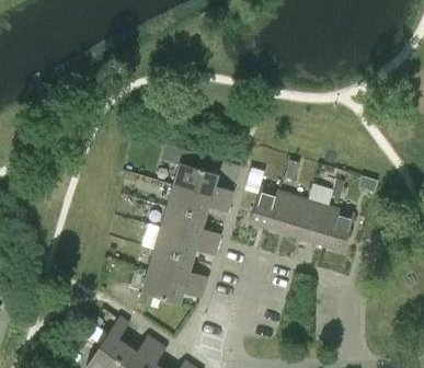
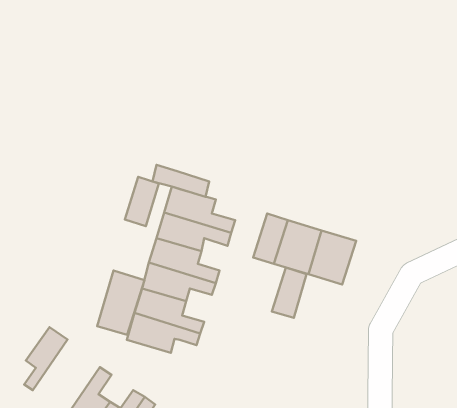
building: none -> [125,177,159,226]
building: [324,209,354,252] -> [272,268,307,318]
building: none -> [97,270,144,335]
building: none -> [24,327,67,390]

